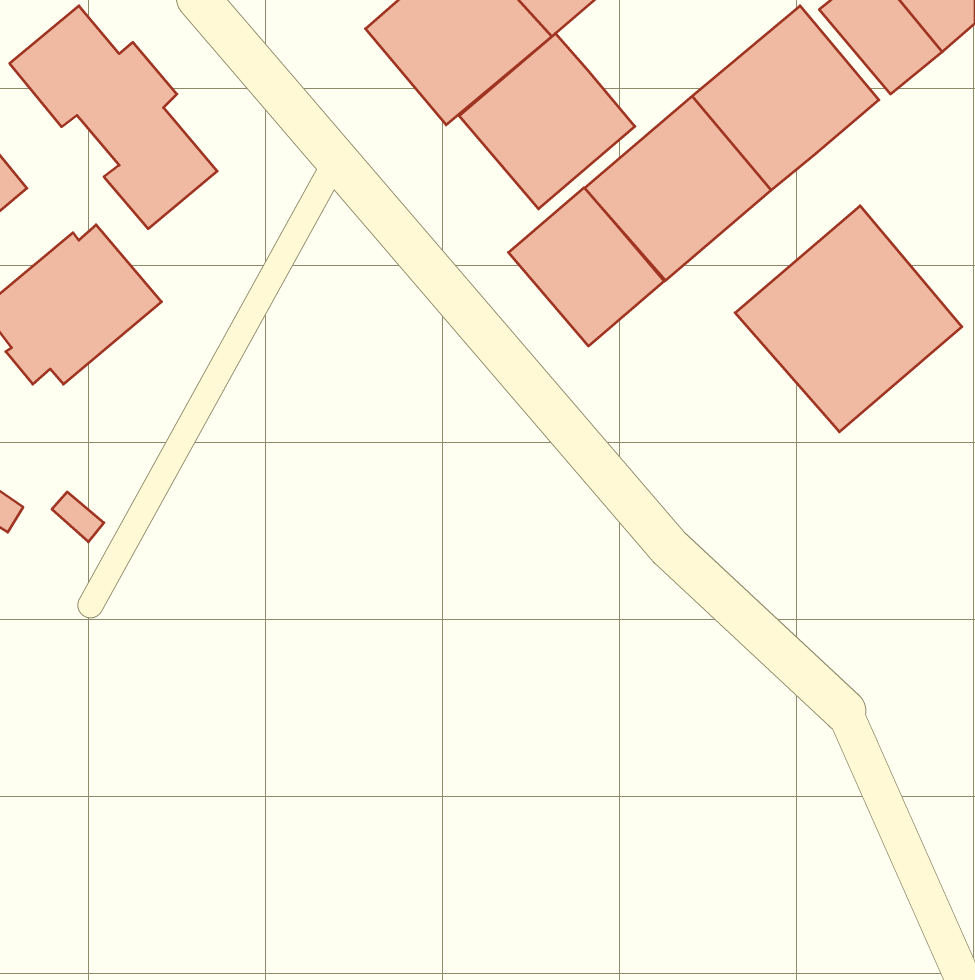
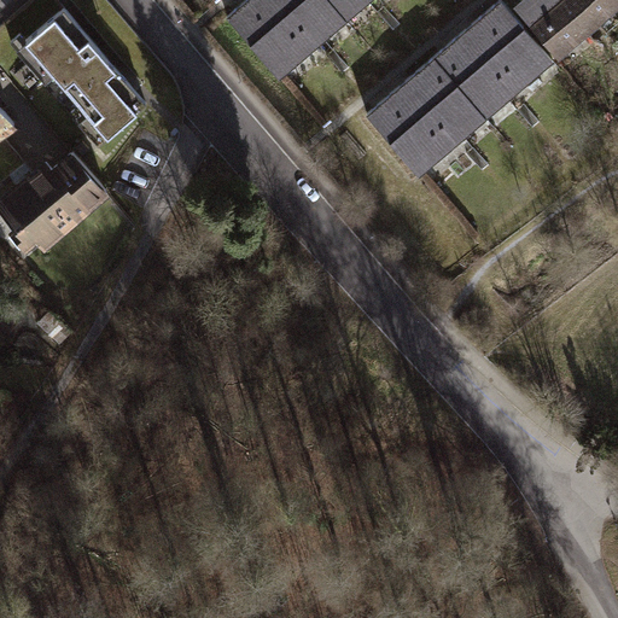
building: [459,33,635,209] -> none
building: [508,188,664,346] -> none
building: [735,206,962,432] -> none

